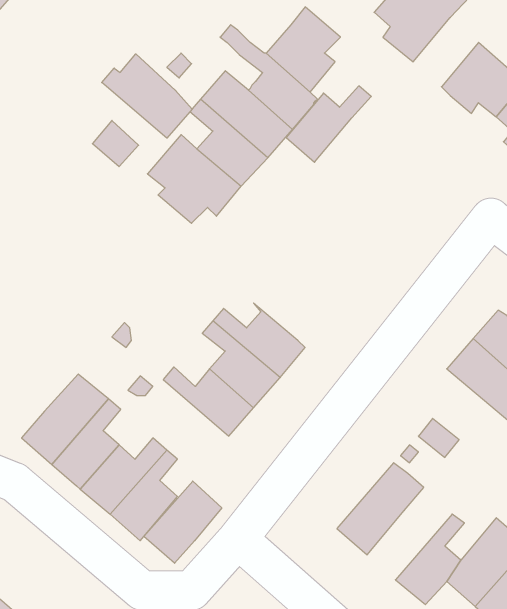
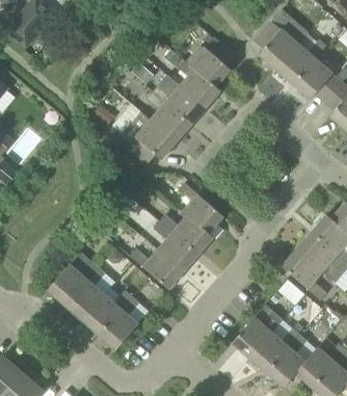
building: [102,54,192,138] -> none
building: [286,86,371,162] -> [276,39,326,84]
building: none -> [178,183,223,233]
building: none -> [282,249,326,300]
building: [144,481,222,563] -> none
building: none -> [249,328,299,373]

